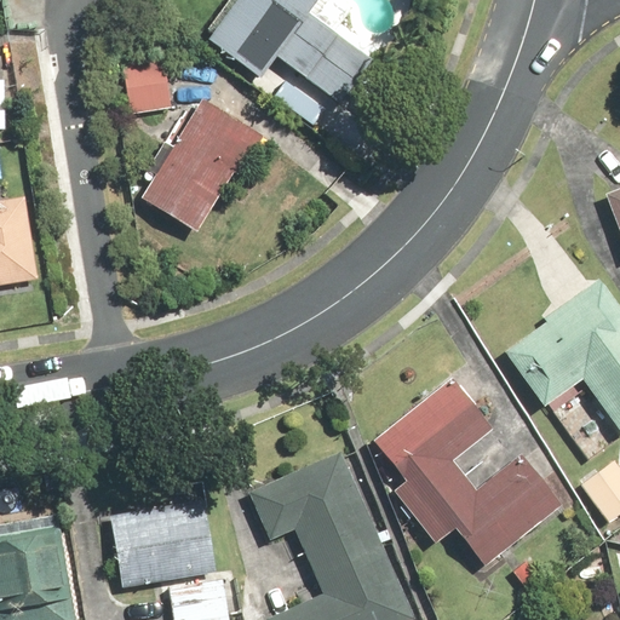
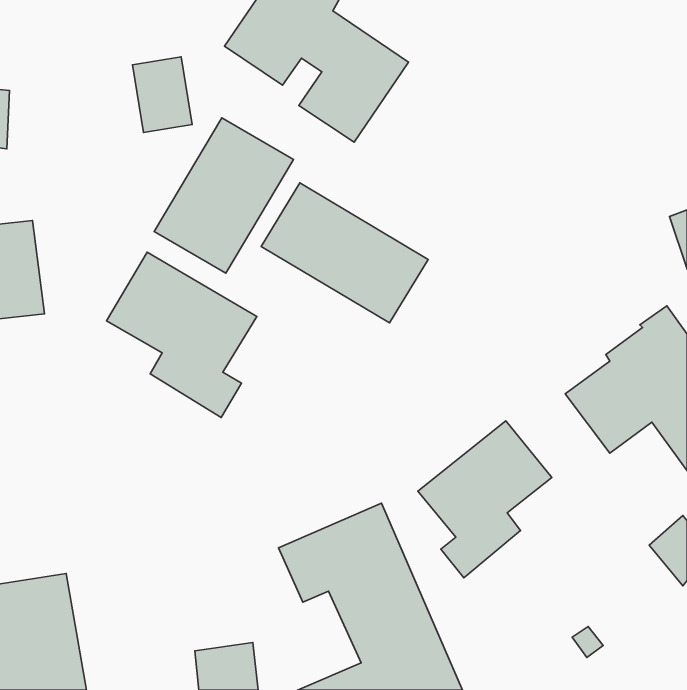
building: none -> [261,183,428,323]
building: none -> [107,252,257,417]
building: [415,453,563,564] -> none
building: [113,499,217,587] -> none

